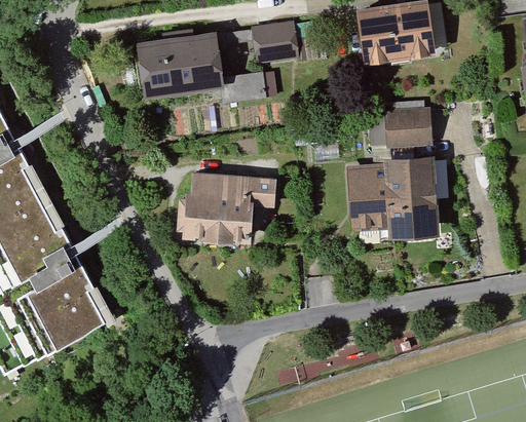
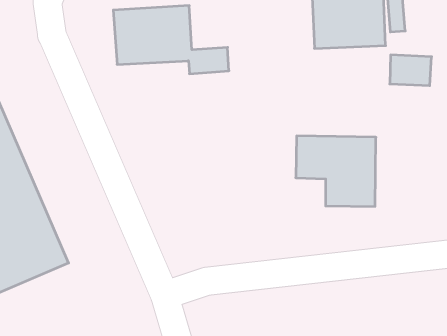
building: [251,26,299,63] -> none
building: [385,113,430,146] -> [390,55,432,86]
building: [181,168,275,239] -> none

